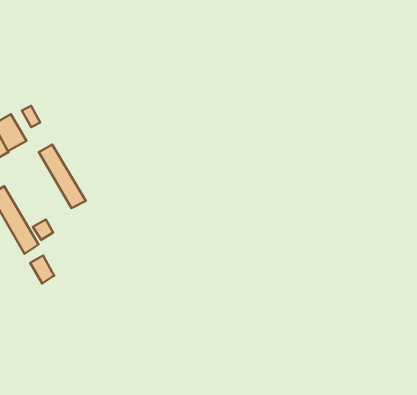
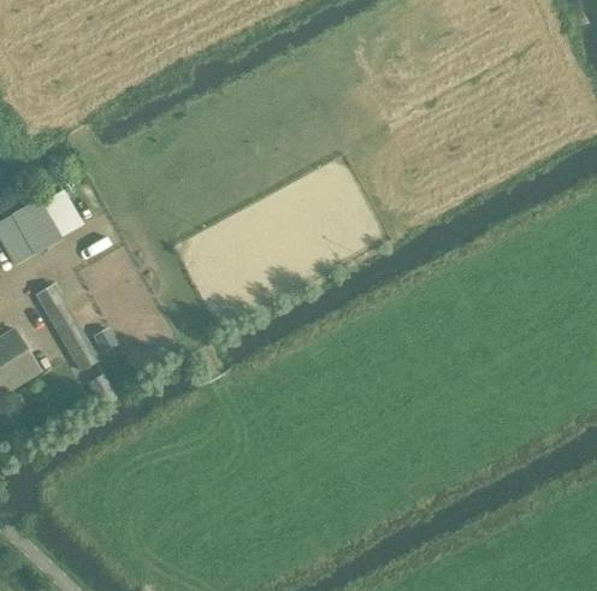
building: [39,145,86,208] -> none

